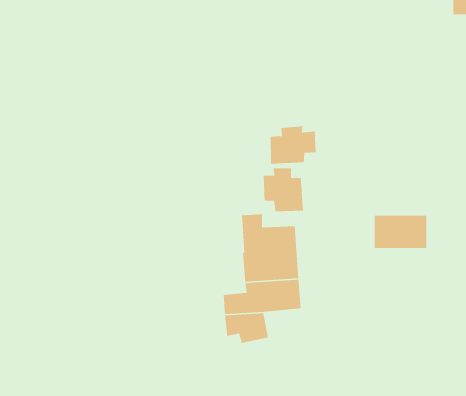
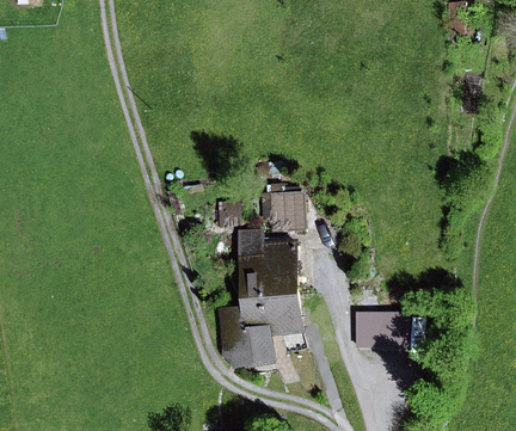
building: [270,126,316,164] -> none
building: [374,215,427,249] -> [355,313,407,346]

